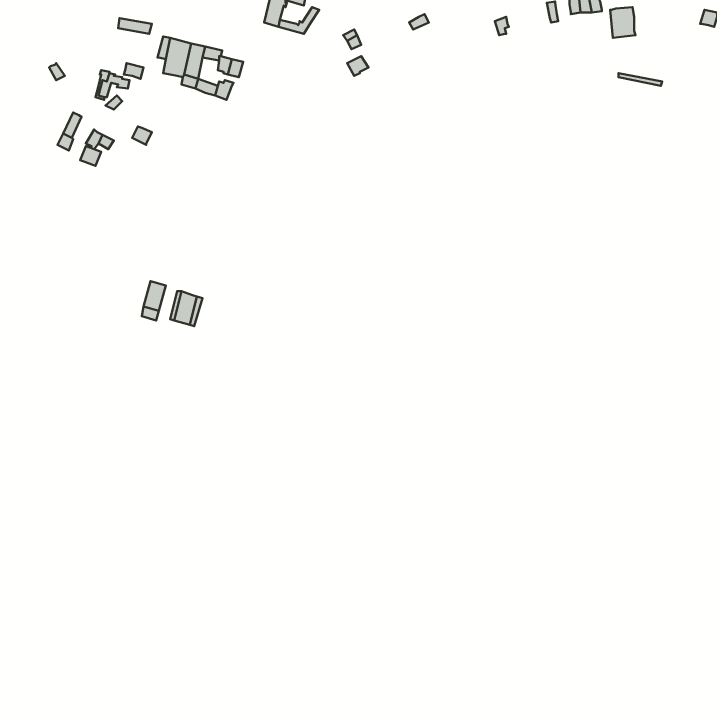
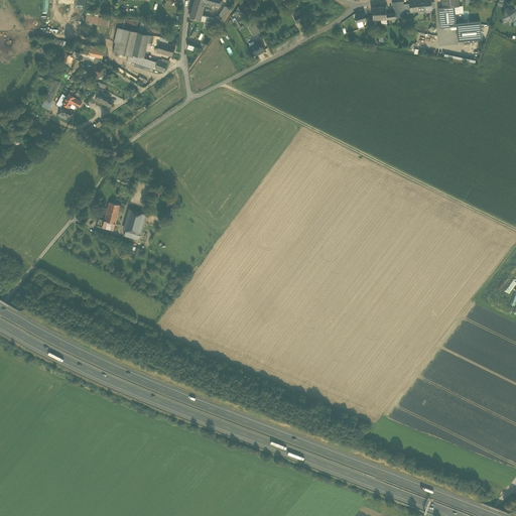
building: none -> [455,20,481,37]

